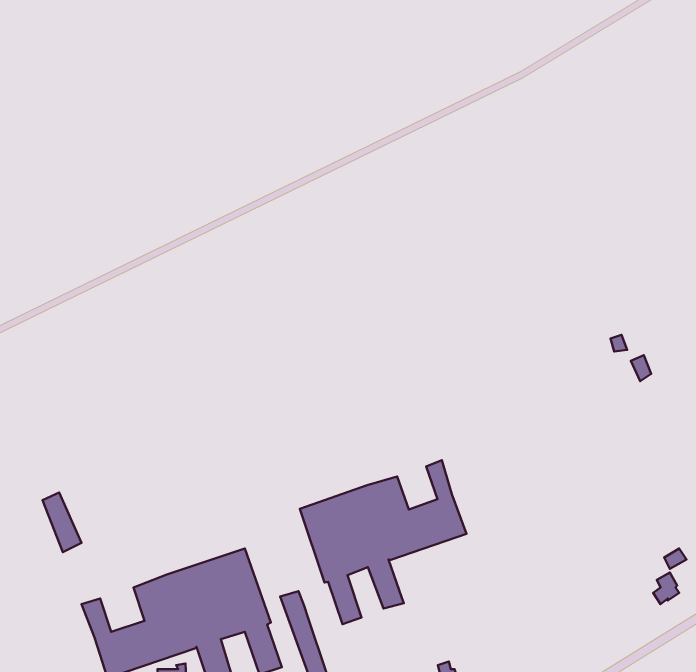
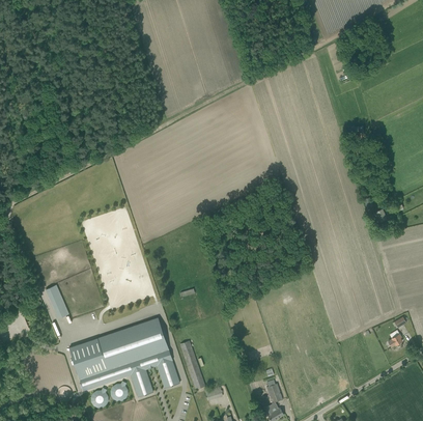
building: [300,460,466,624] -> none

